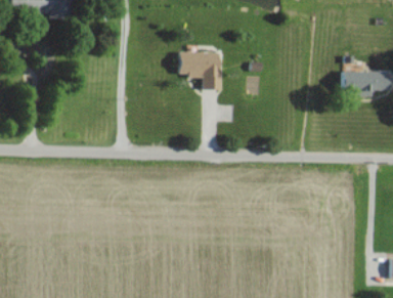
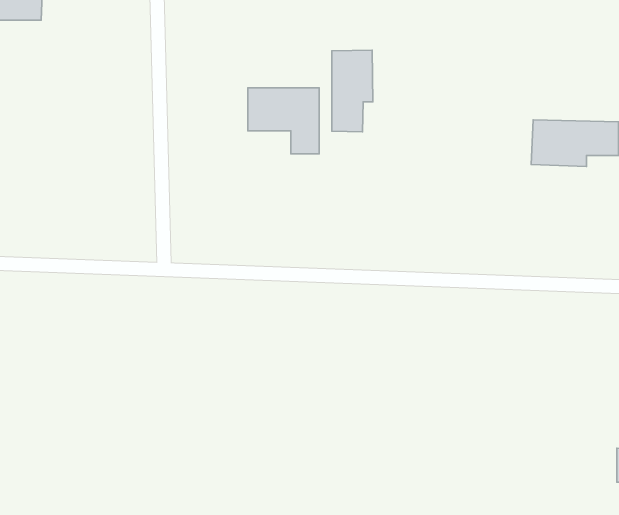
building: none -> [332,50,373,132]

